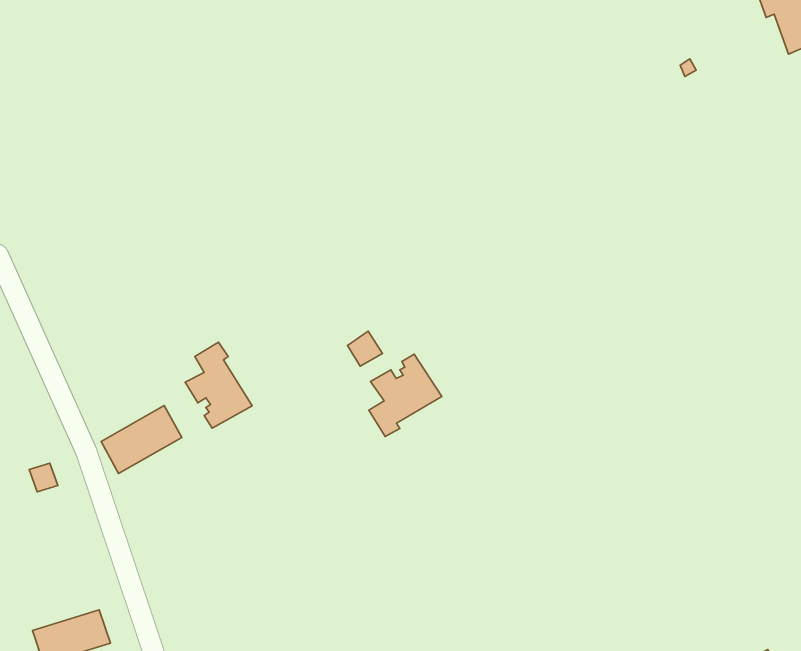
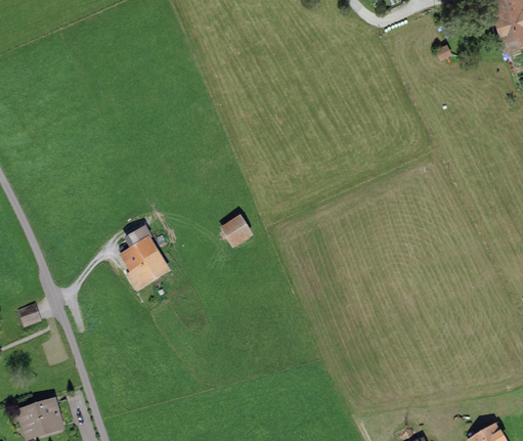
building: [369,354,442,436] -> none
building: [101,405,182,473] -> none

